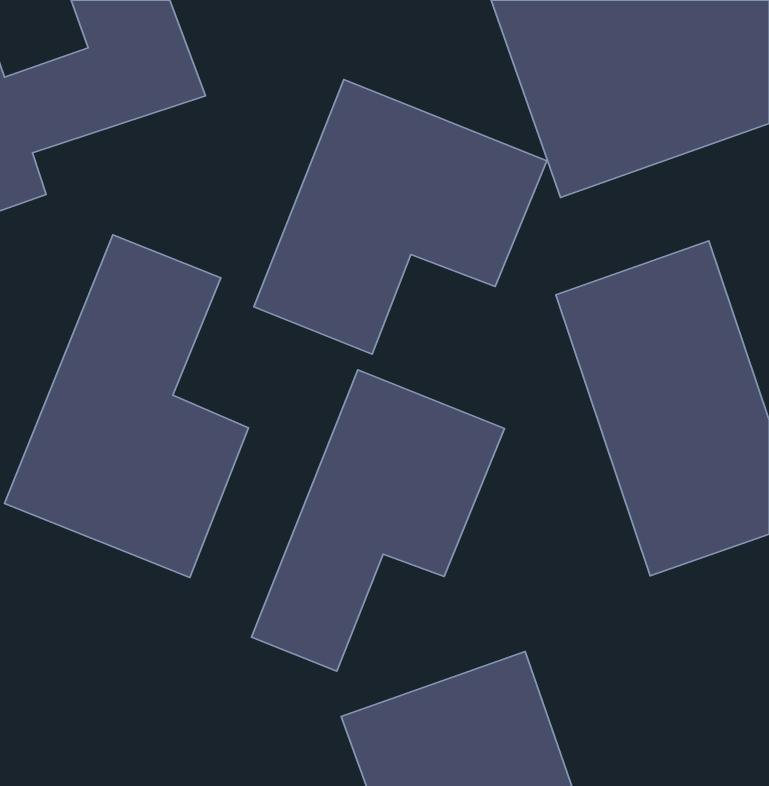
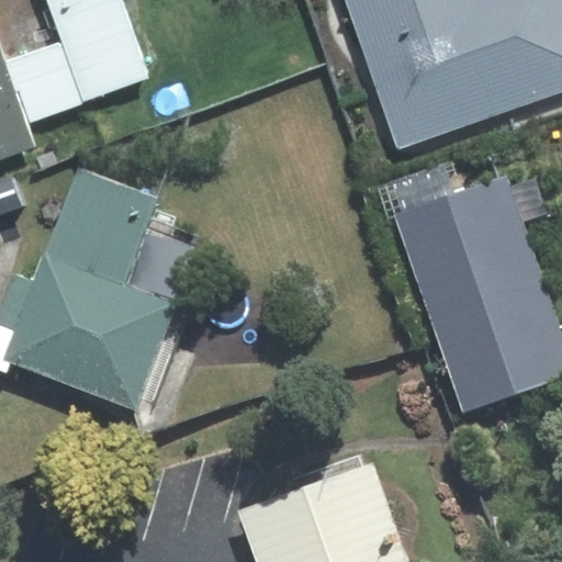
building: [254,80,547,354] -> none
building: [251,370,504,671] -> none

